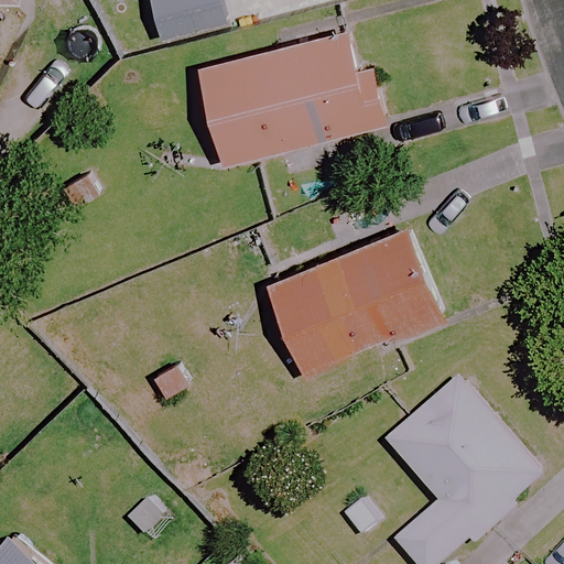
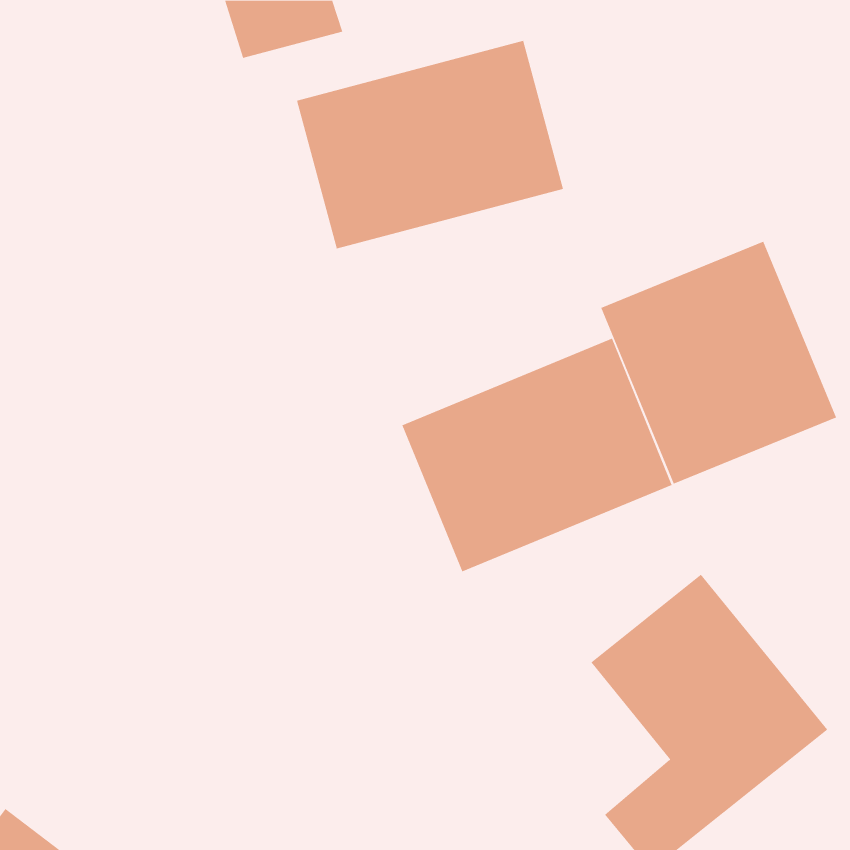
building: none -> [600,241,837,485]

